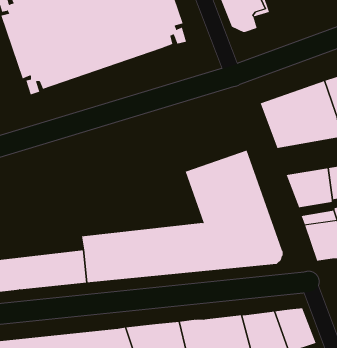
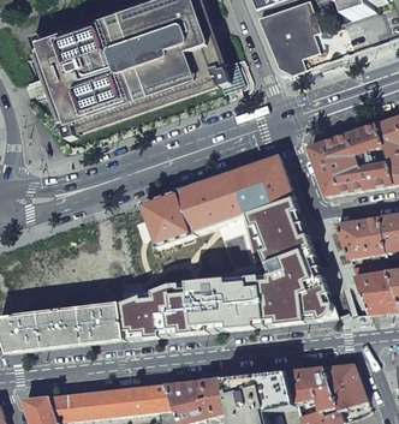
building: none -> [141,156,293,247]

